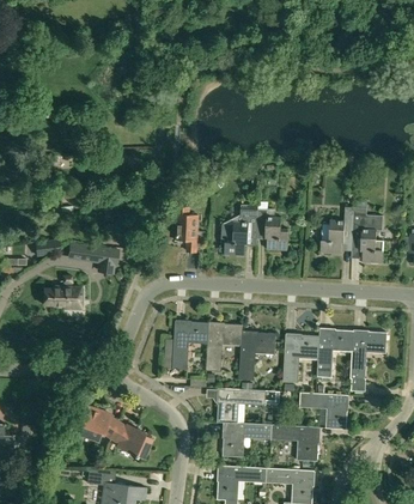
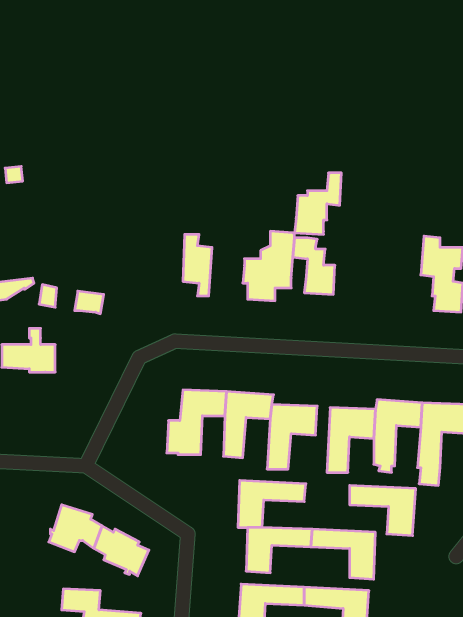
building: [319,207,354,253] -> [295,173,341,234]

